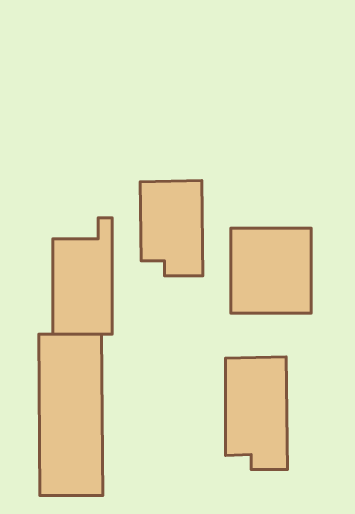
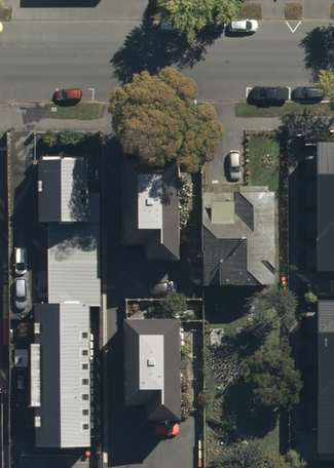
building: none -> [38,159,87,223]
building: [226,357,287,470] -> [125,315,180,415]

